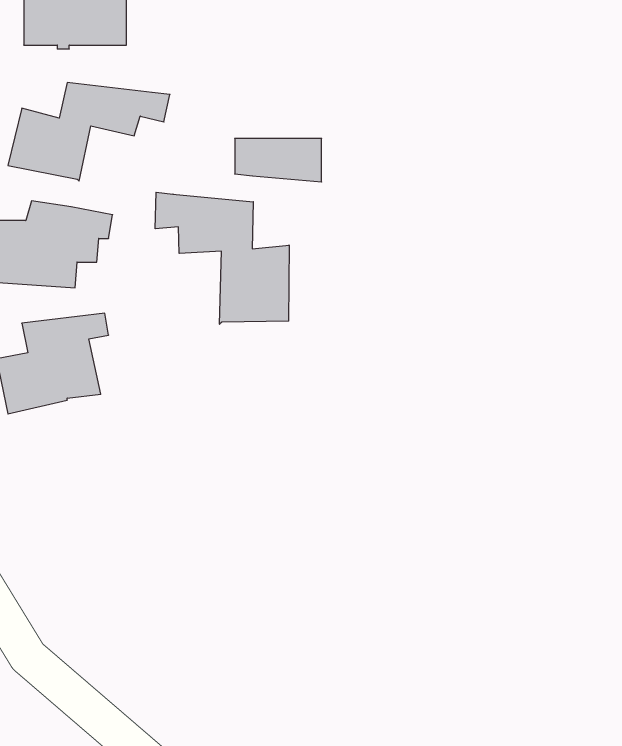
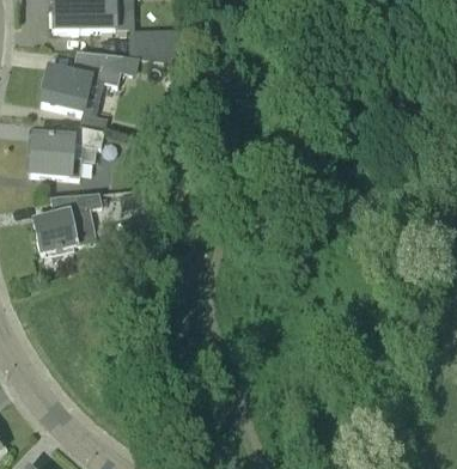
building: [235,138,322,182] -> [130,35,183,61]
building: [155,192,289,324] -> none

